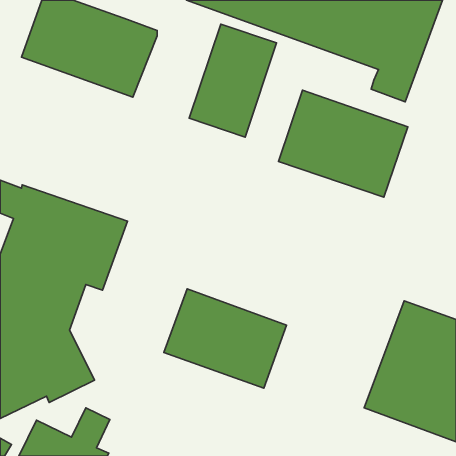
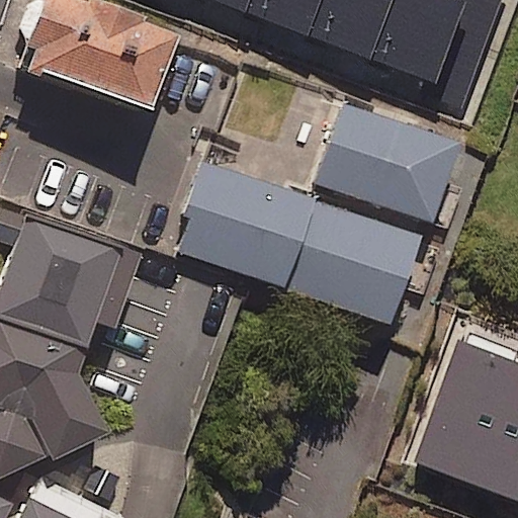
building: [189,24,276,137] -> none
building: none -> [176,162,421,325]
building: [164,289,286,388] -> none

